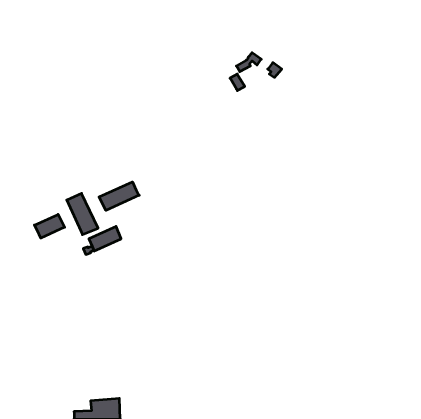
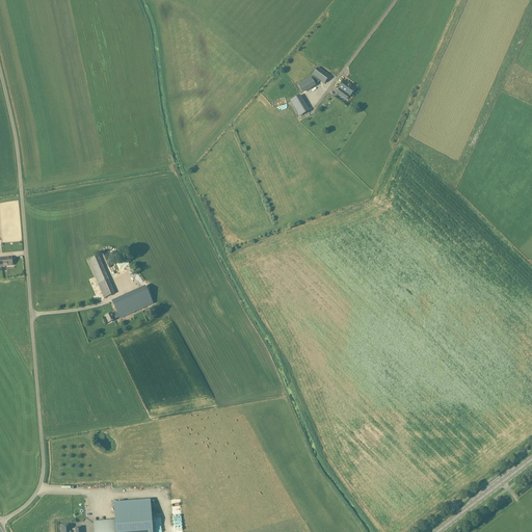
building: [99,182,139,210] -> none
building: [34,214,65,238] -> none

